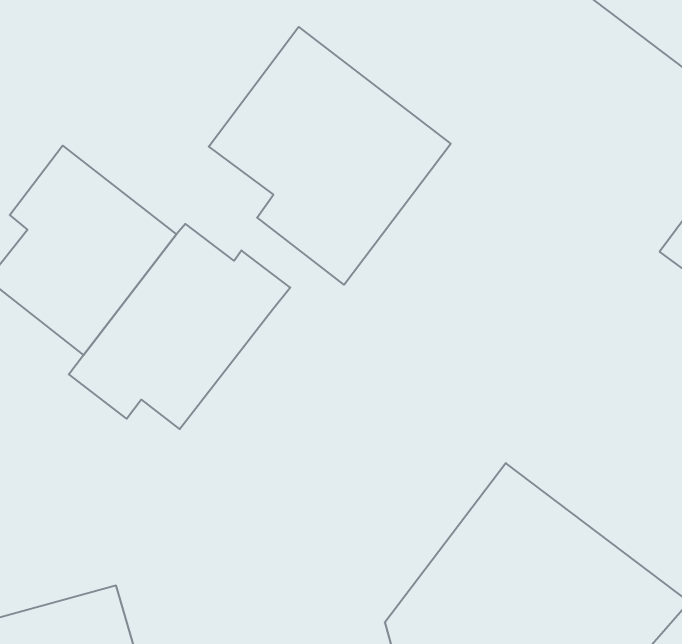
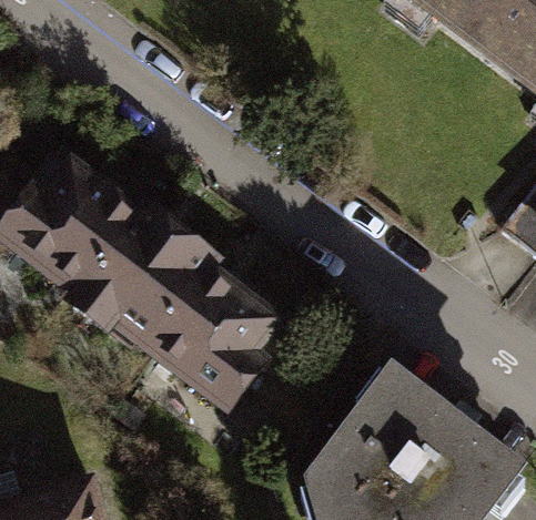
building: [209,27,451,285] -> none
building: none -> [146,265,289,421]

